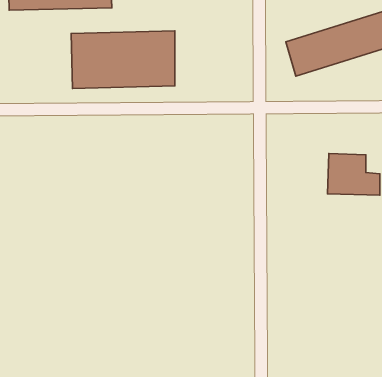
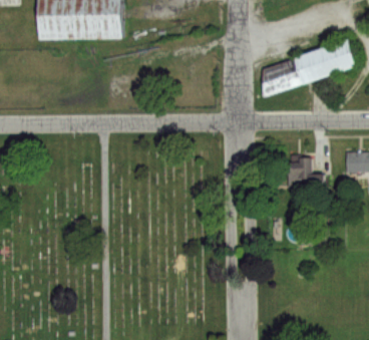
building: [71,31,175,88] -> none

